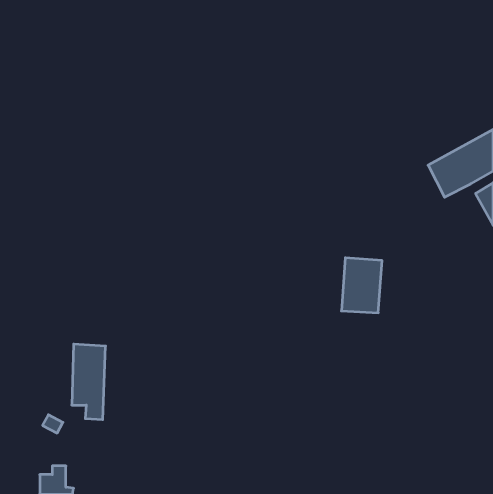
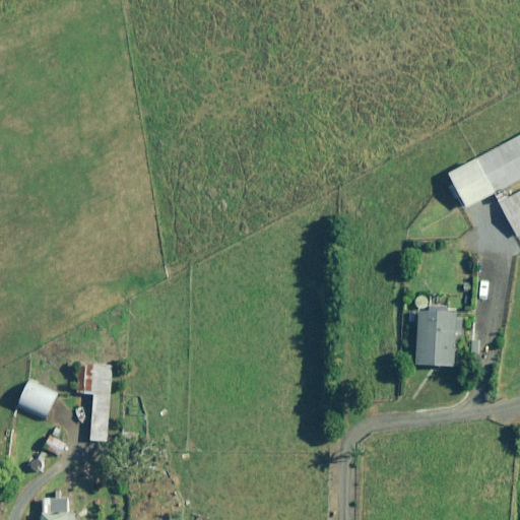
building: [341,258,382,313] -> [415,308,458,366]
building: none -> [20,381,58,419]

